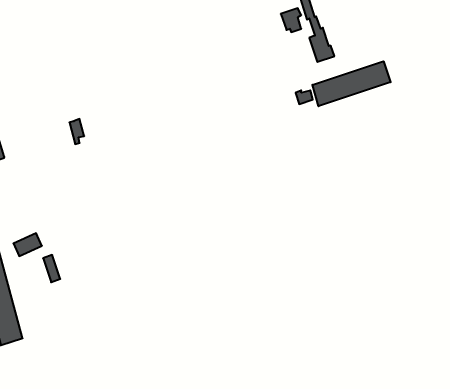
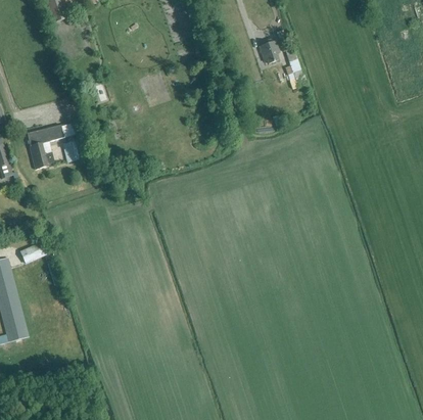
building: [312,61,391,106] -> none
building: none -> [27,125,63,166]

